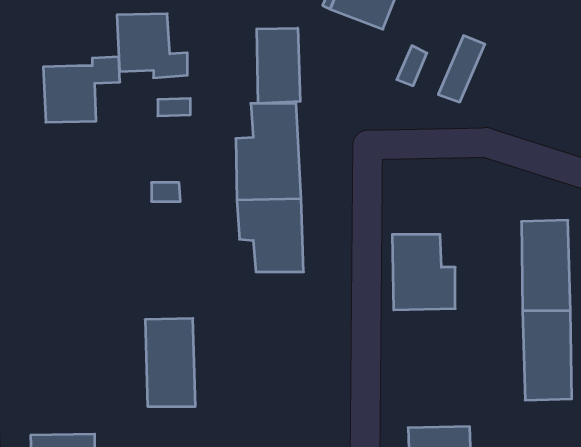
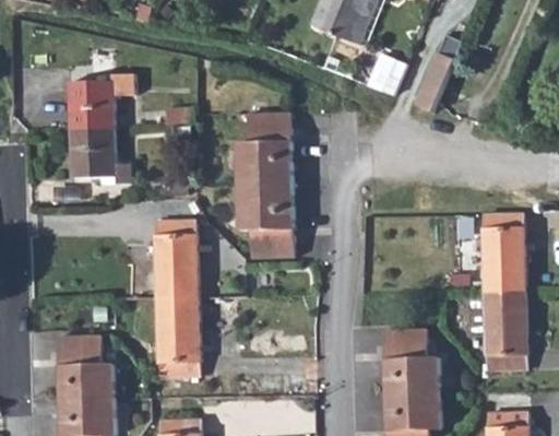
building: [117,14,187,78] -> [70,127,131,182]
building: [257,28,300,103] -> none
building: none -> [154,221,198,299]
building: [392,234,455,310] -> [383,328,438,393]
building: none -> [56,335,112,400]

